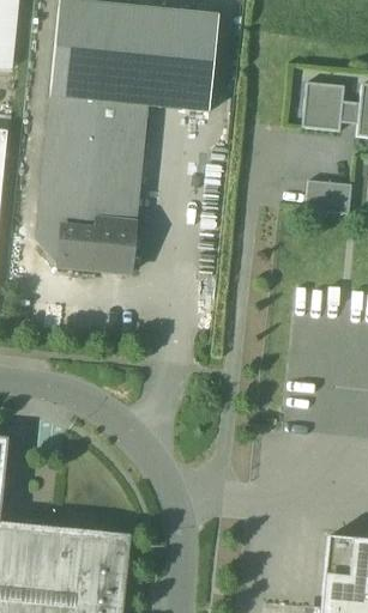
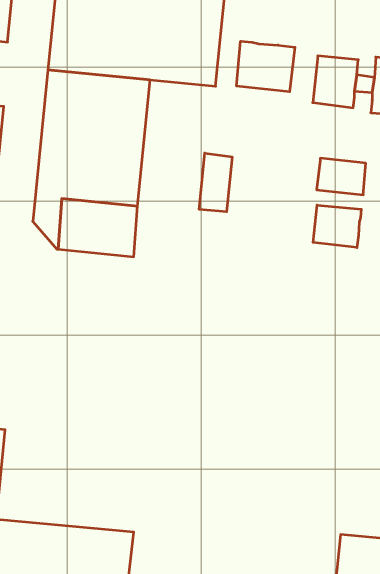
building: none -> [237,41,295,92]
building: none -> [199,153,232,212]
building: none -> [313,205,361,248]

